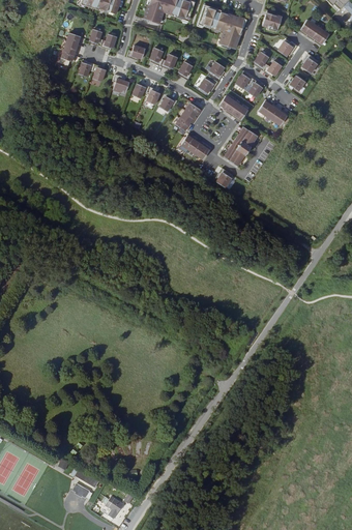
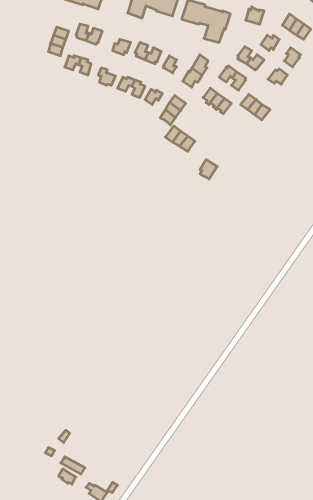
building: [225,125,258,165] -> none

